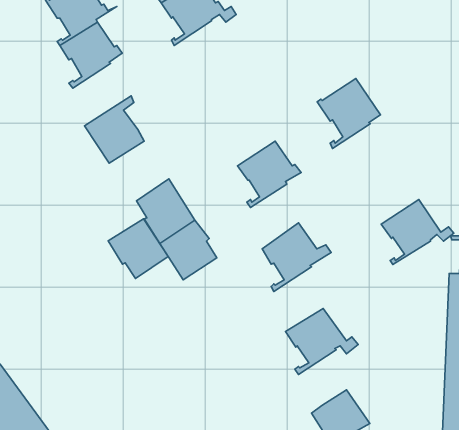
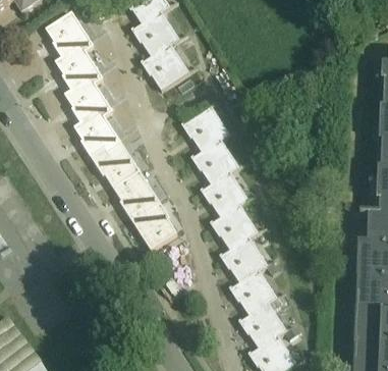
building: none -> [142,44,190,89]
building: none -> [62,77,108,121]
building: [317,78,381,148] -> [179,103,229,158]
building: none -> [202,172,251,223]
building: [381,200,454,264] -> [220,237,277,288]
building: [108,219,168,278] -> [91,139,137,186]
building: none -> [239,303,298,347]

